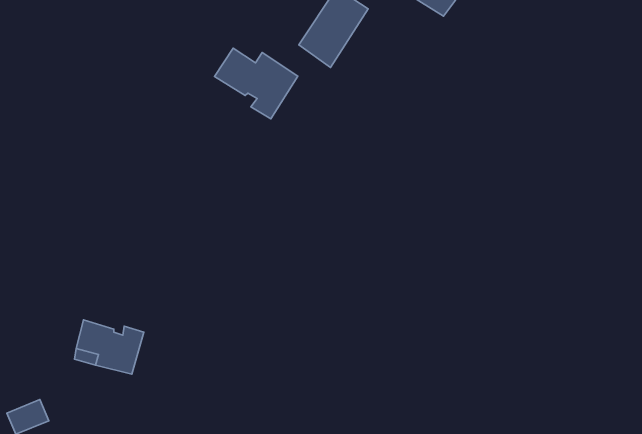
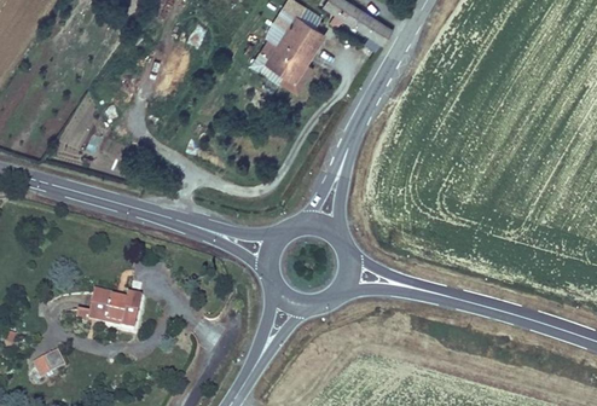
building: [214,48,298,119] -> none

